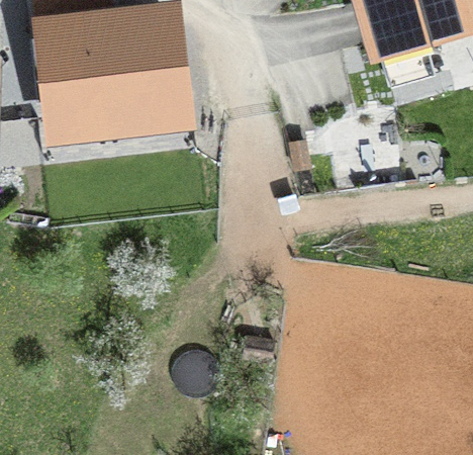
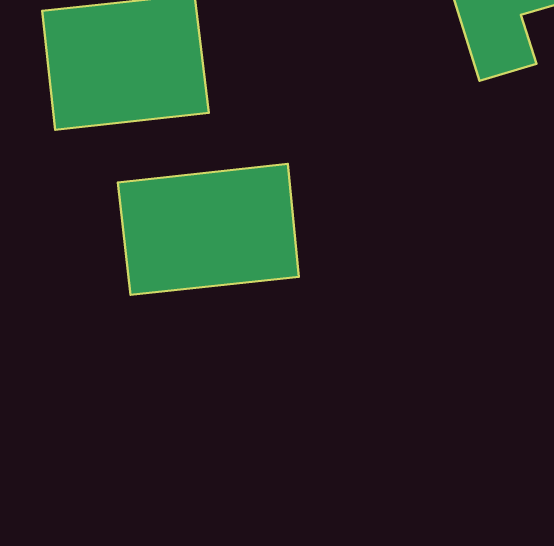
building: none -> [118,164,299,295]

